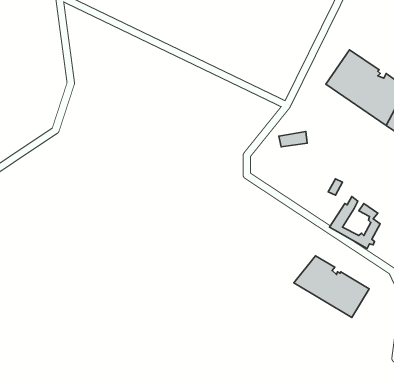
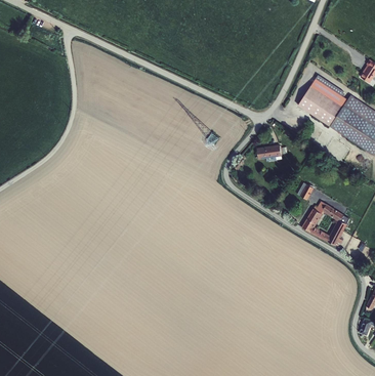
building: [294,256,369,318] -> none

